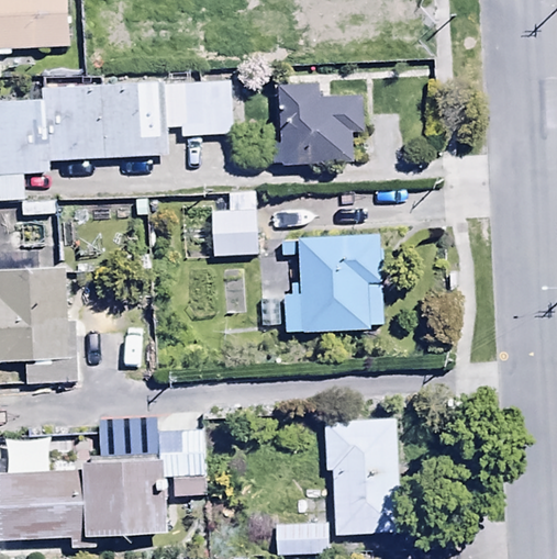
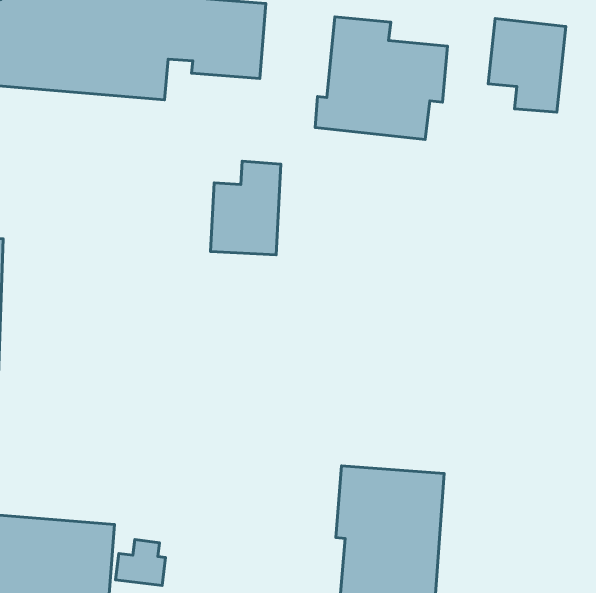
building: none -> [488,19,566,112]
building: [281,233,385,329] -> none

